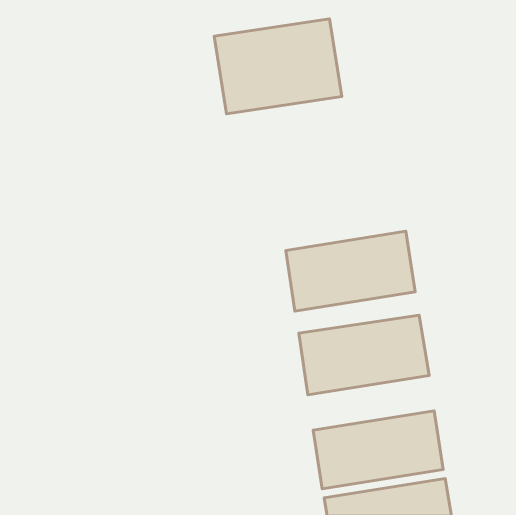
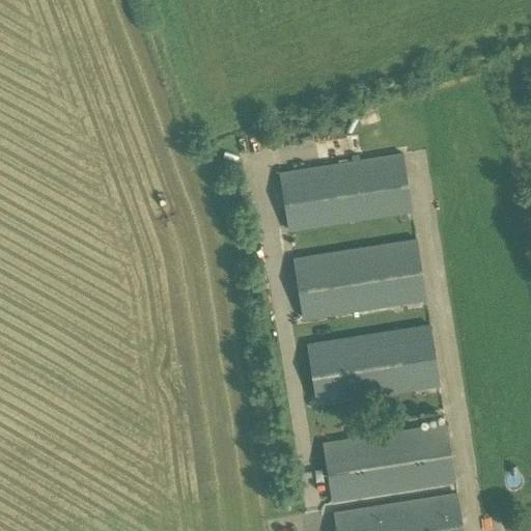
building: [214,19,342,114] -> none
building: none -> [279,153,412,231]

